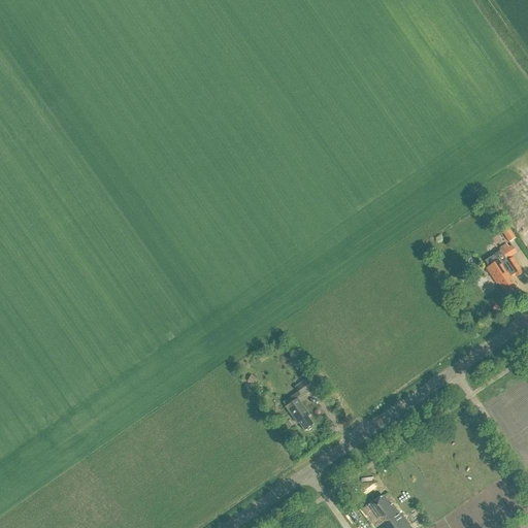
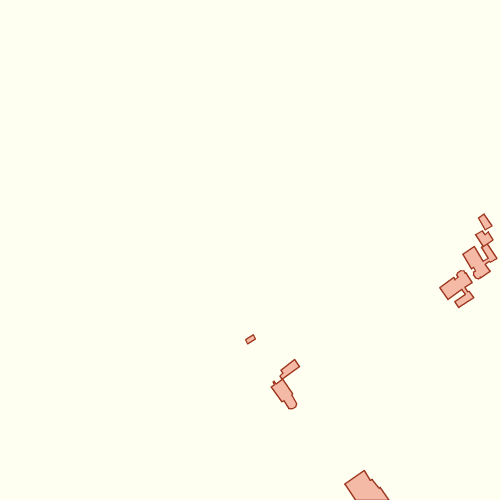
building: none -> [440,271,474,308]

